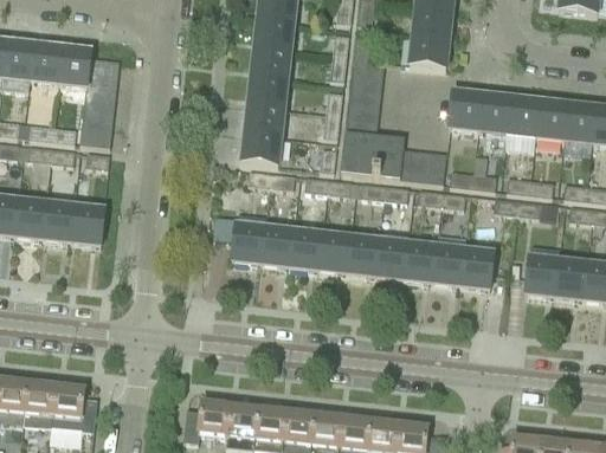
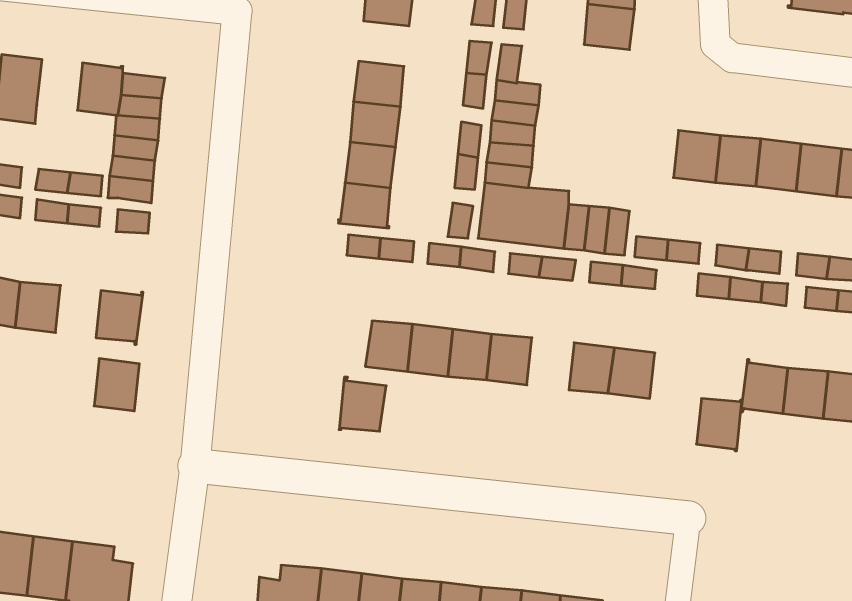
building: [256,19,291,51] -> none
building: [408,35,446,69] -> none
building: [30,46,62,82] -> none
building: [449,91,481,129] -> none
building: [43,205,75,241] -> [94,359,139,411]
building: [232,224,265,261] -> [339,377,386,431]
building: [374,241,407,278] -> none
building: [460,252,492,289] -> [696,399,742,451]

